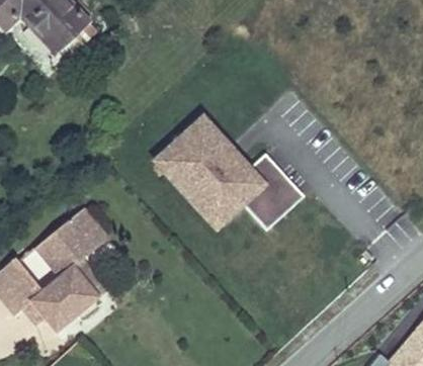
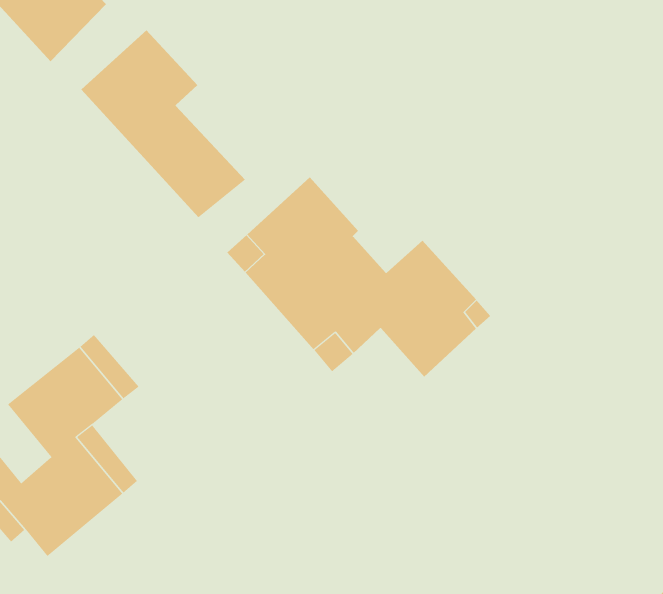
building: none -> [81,30,246,218]

